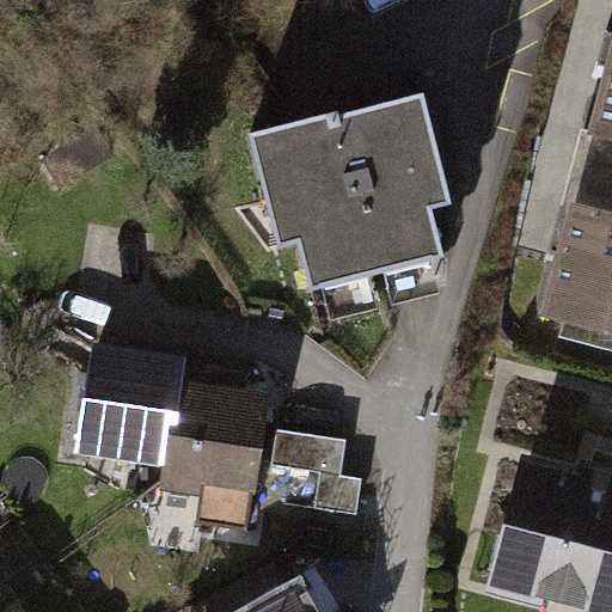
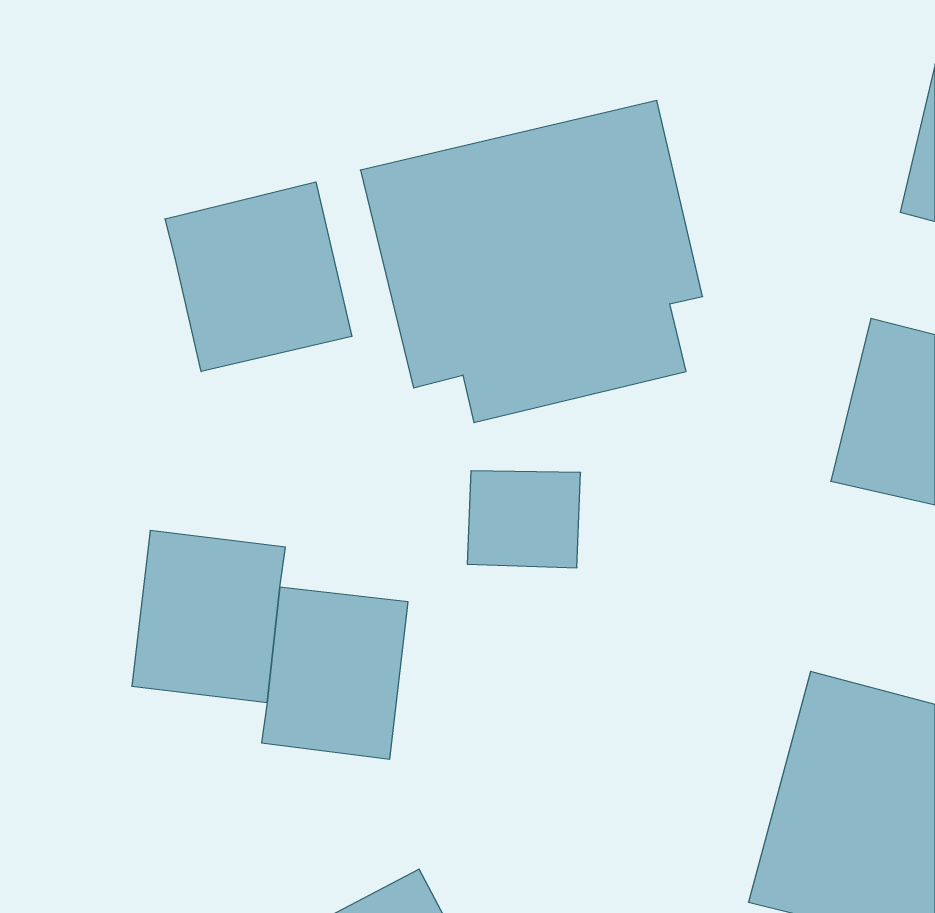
building: none -> [165,182,352,372]
building: [277,445,351,508] -> [467,471,581,568]

